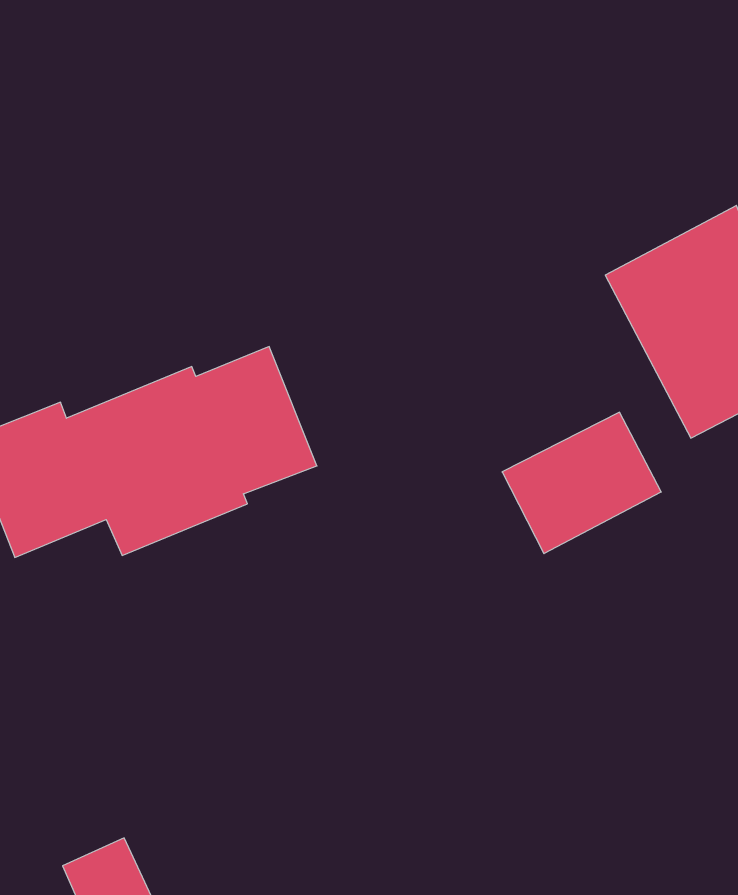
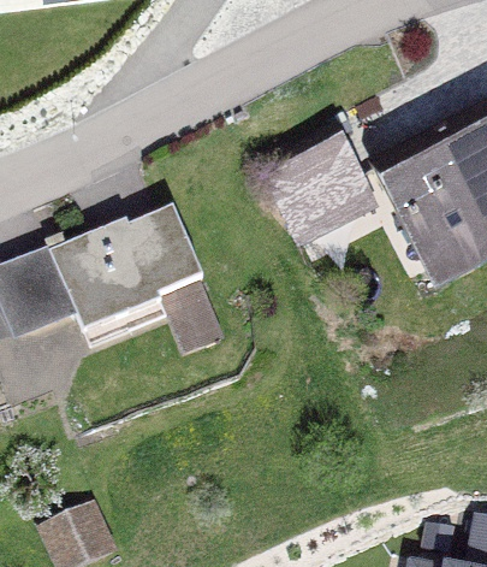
building: [502,412,661,554] -> [266,131,362,217]

